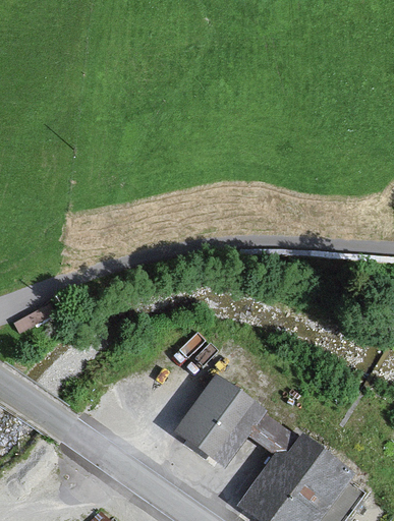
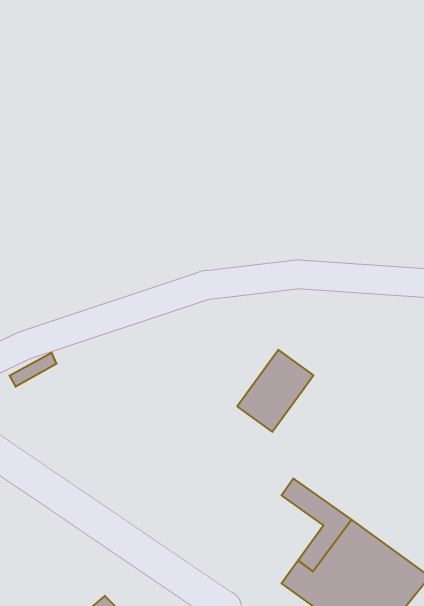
building: [186,390,250,459] -> [237,350,313,432]

